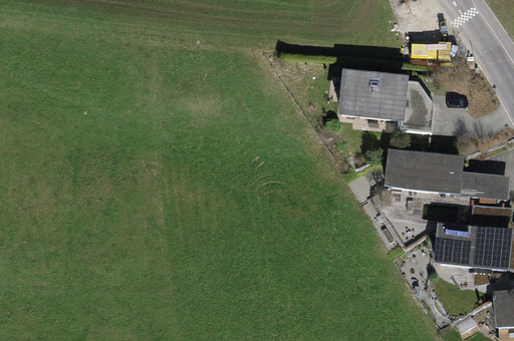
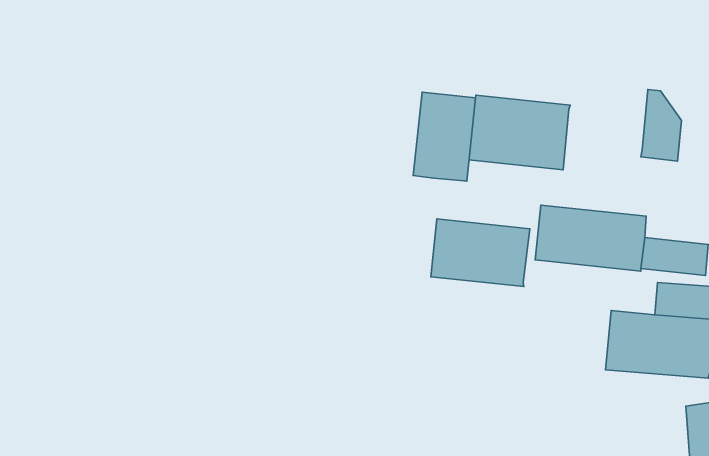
building: none -> [413,92,475,181]
building: [405,80,434,131] -> [641,89,682,161]
building: none -> [431,219,530,287]

